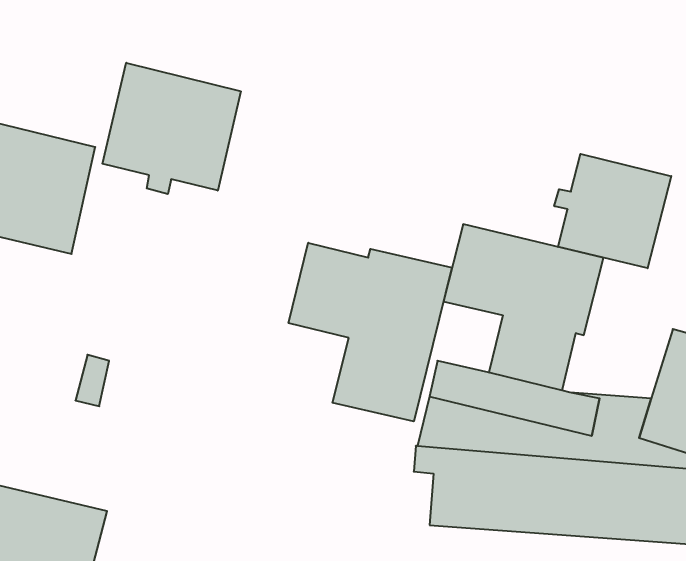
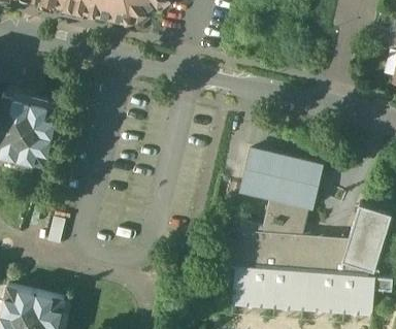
building: [102,63,241,194] -> none
building: [554,154,671,268] -> none
building: [289,243,452,421] -> none

